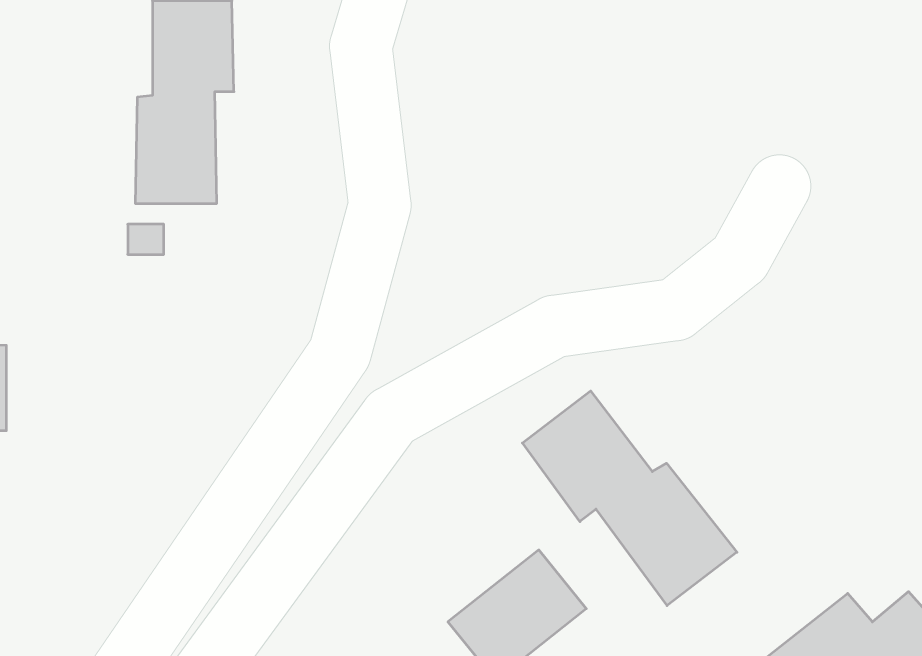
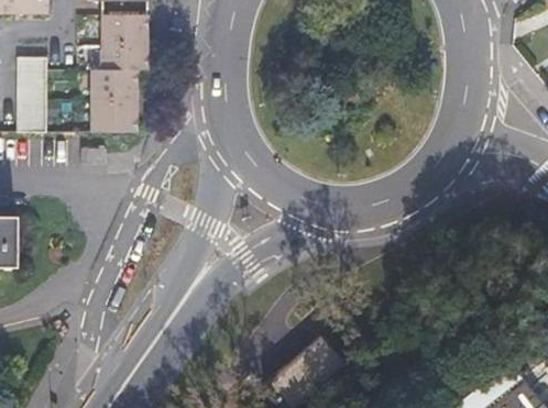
building: none -> [19,60,45,135]
building: [522,391,737,606] -> none

